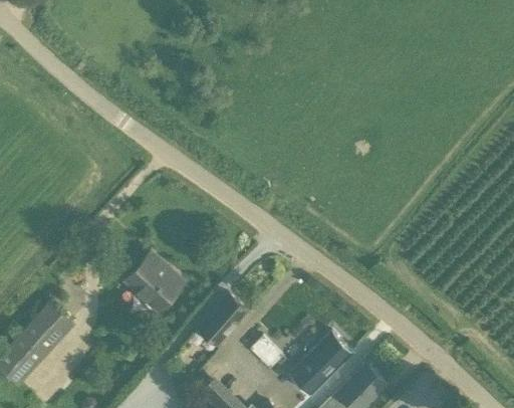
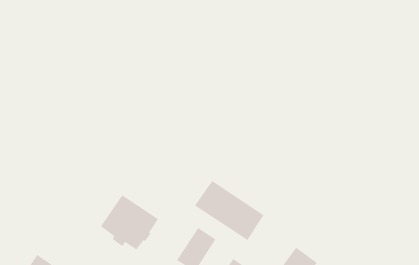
building: none -> [194,180,264,241]

